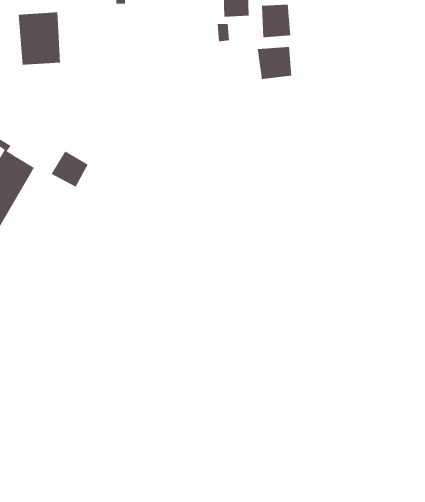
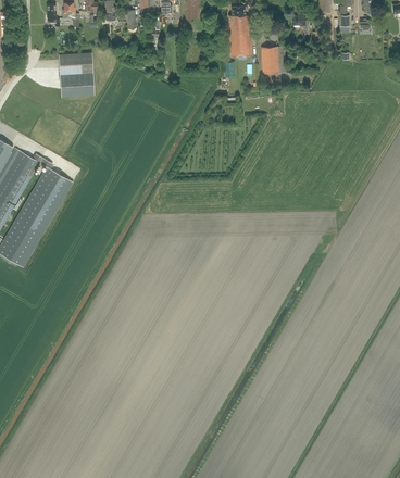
building: [257,46,292,80] -> none
building: [51,150,89,187] -> none

